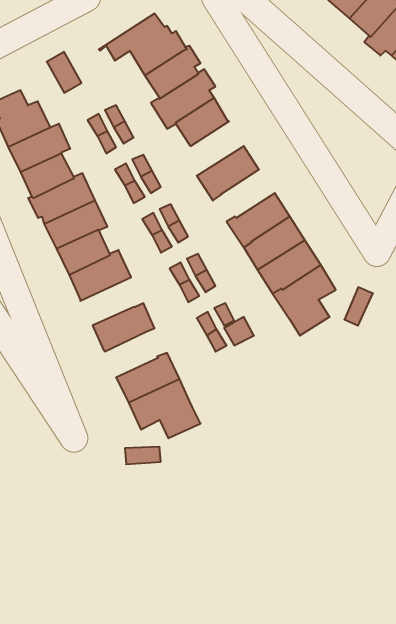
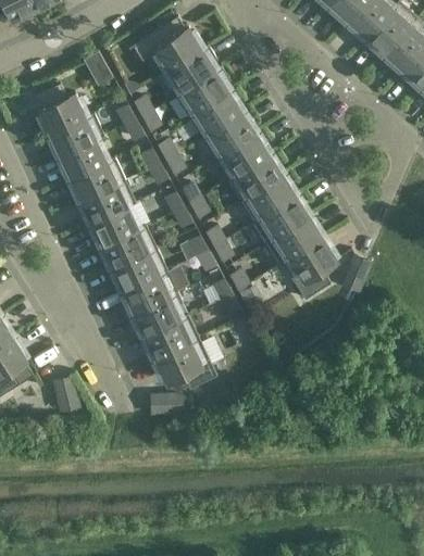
building: none -> [200,110,254,160]
building: none -> [227,154,282,200]
building: none -> [108,249,166,291]
building: none -> [126,293,187,337]
building: none -> [53,377,79,412]

